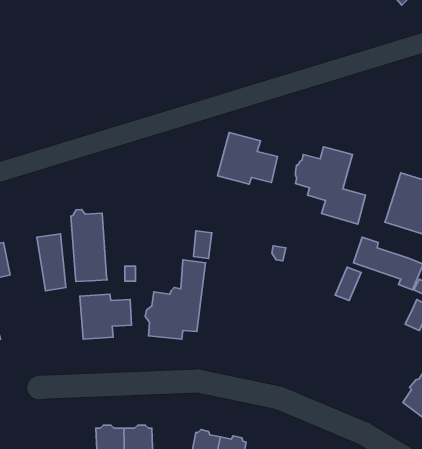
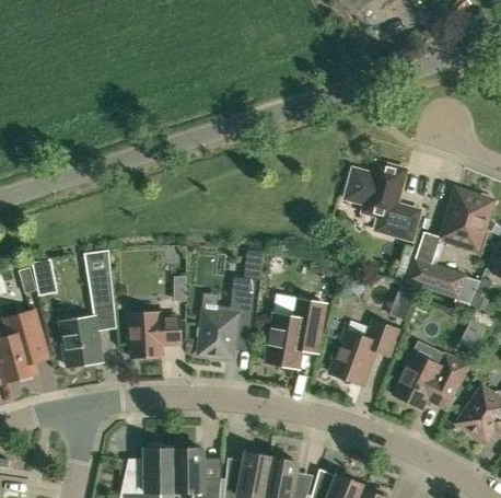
building: [218,133,278,184] -> none
building: [71,210,107,282] -> none
building: none -> [266,297,324,368]
building: none -> [60,317,102,367]
building: none -> [330,321,398,385]
building: none -> [393,352,468,409]

